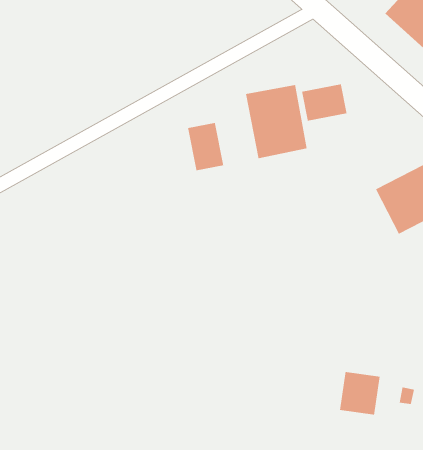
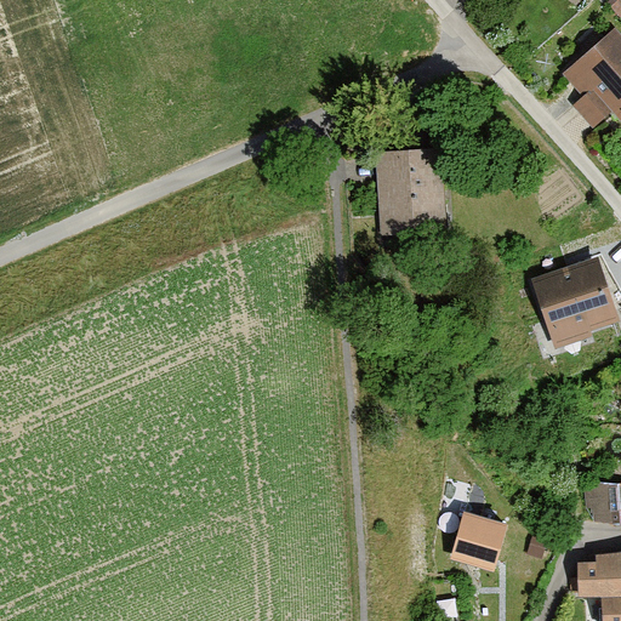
building: [302,84,347,121] -> none
building: [187,122,224,171] -> none

